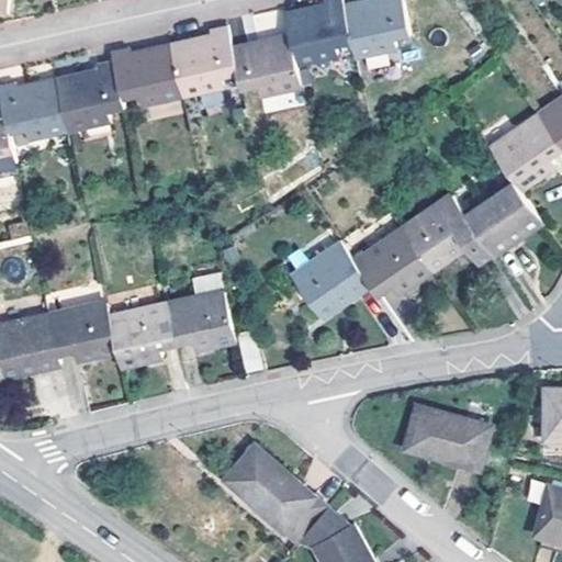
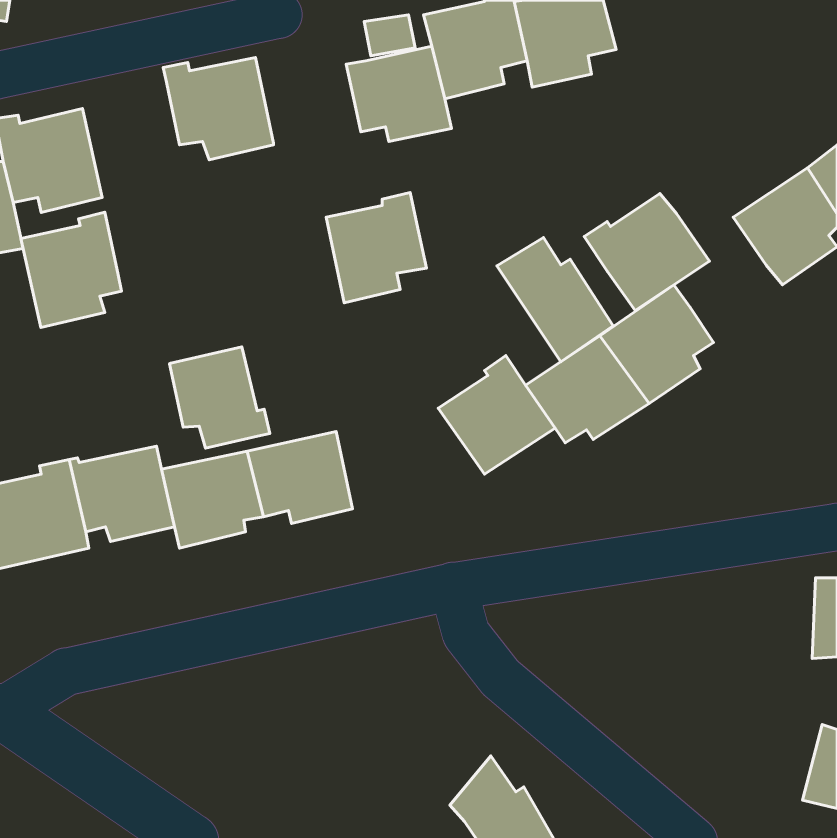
building: [170,24,237,98] -> [326,192,427,303]
building: [55,57,122,134] -> [21,212,121,327]
building: none -> [497,237,613,362]
building: [460,179,543,257] -> [584,194,709,311]
building: none -> [170,347,270,448]
building: [404,405,493,472] -> none
building: [222,446,327,543] -> none

